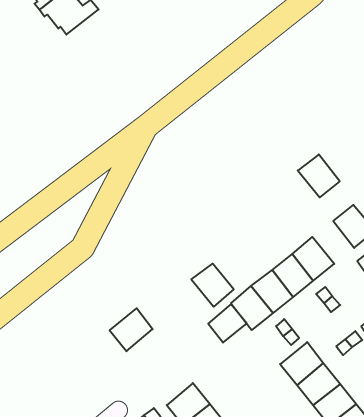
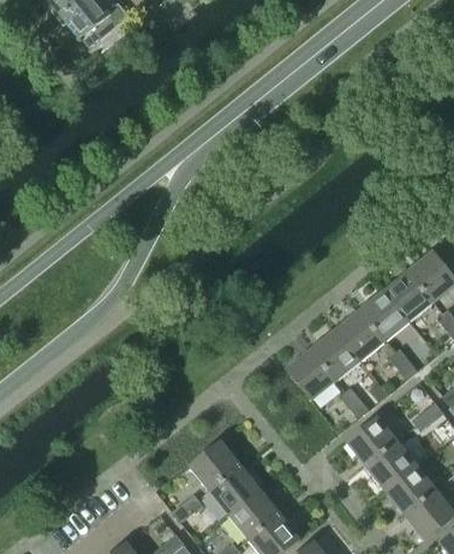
building: [298,154,340,197] -> [384,270,435,322]
building: [191,264,234,307] -> none
building: [208,304,247,343] -> none
building: [110,308,153,351] -> [190,440,241,492]

